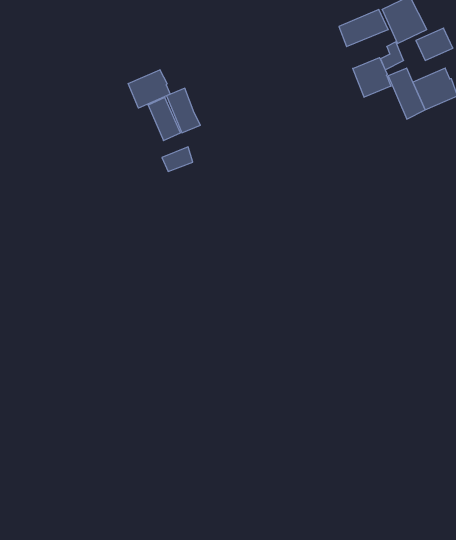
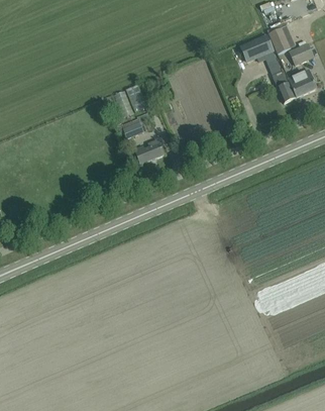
building: [353,58,391,97] -> none
building: [128,70,170,108] -> none
building: none -> [135,138,165,164]

